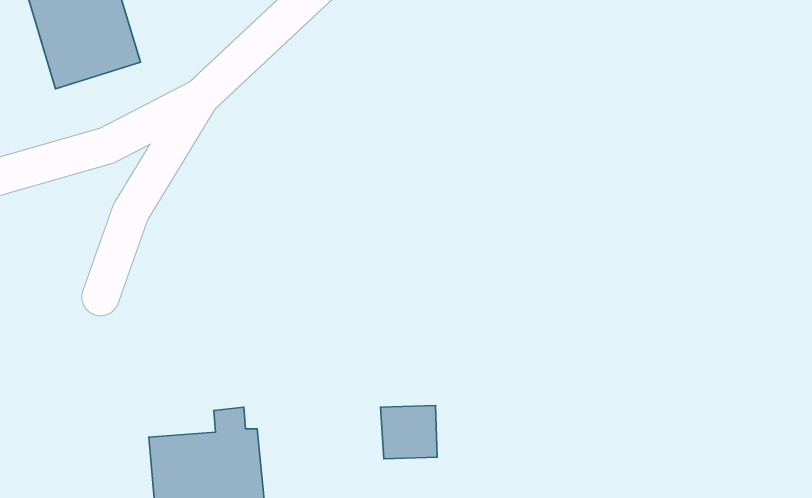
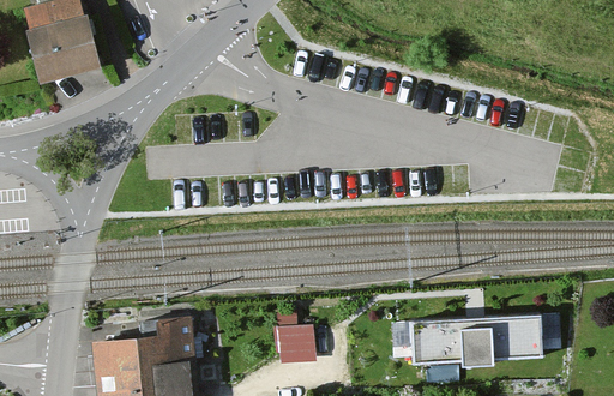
building: none -> [409,314,543,365]

